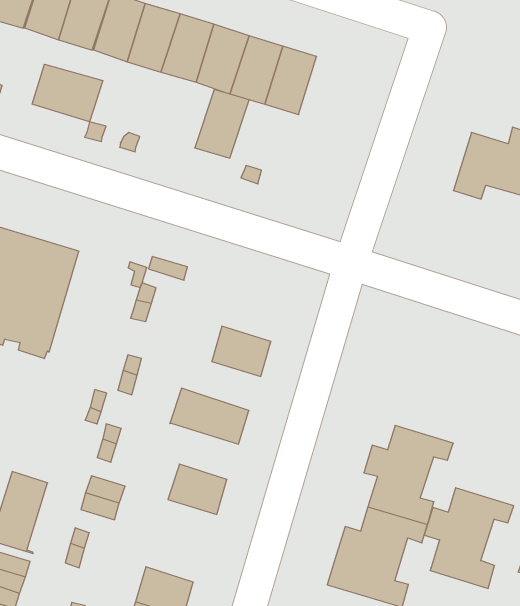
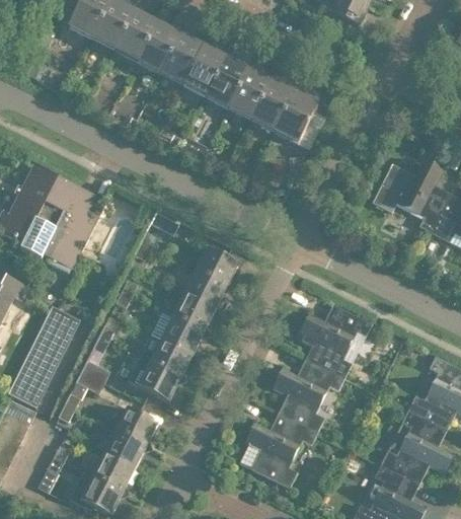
building: [32,64,103,122] -> none
building: [195,90,249,158] -> [275,93,318,143]
building: none -> [197,246,241,286]
building: none -> [161,293,218,331]
building: none -> [33,307,76,359]
building: none -> [139,331,195,377]
building: [424,488,514,588] -> [306,304,372,378]
building: none -> [116,405,159,445]

